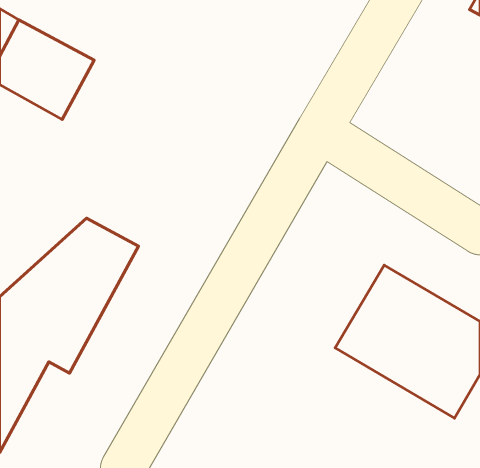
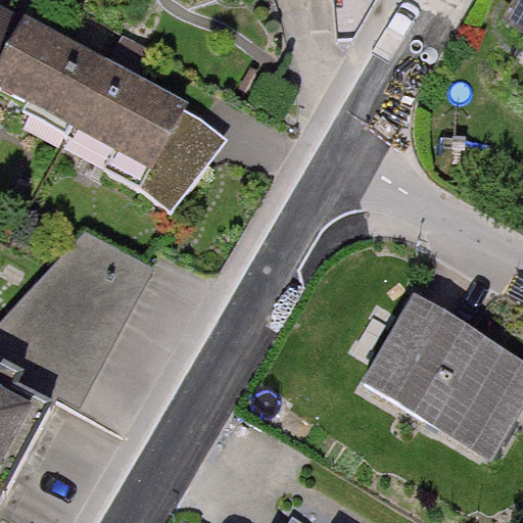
building: none -> [67,65,222,216]

